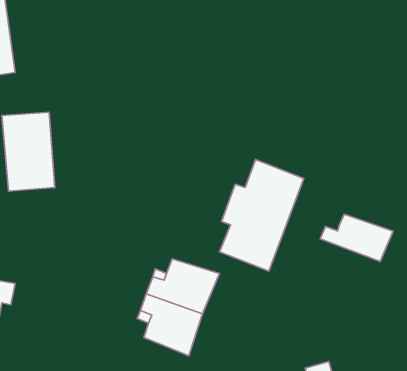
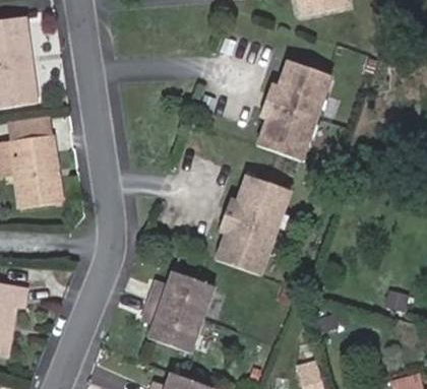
building: none -> [258,63,336,164]
building: [320,214,393,262] -> none

